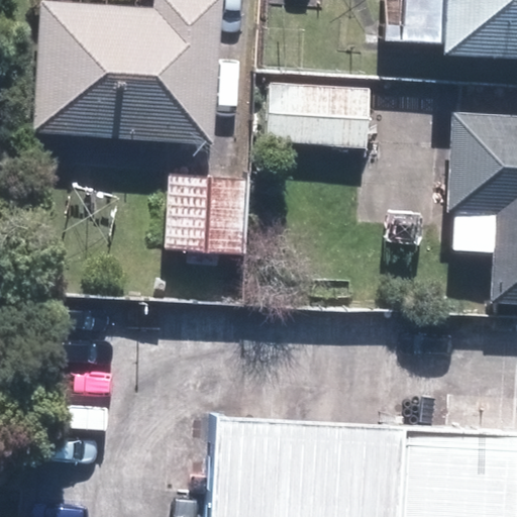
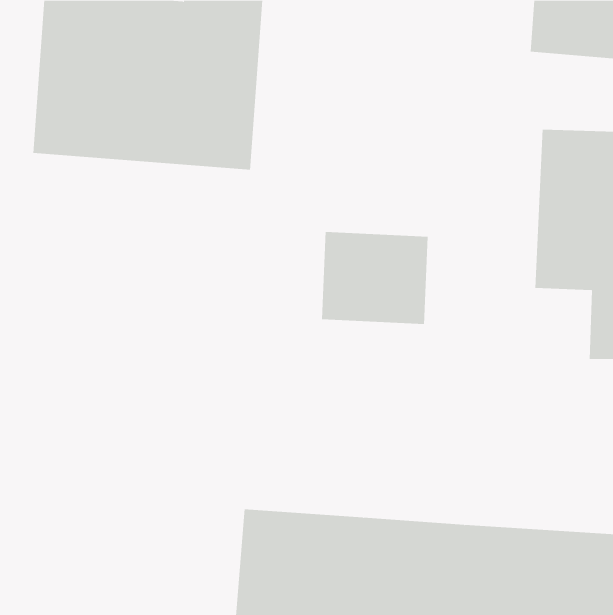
building: [266,77,374,146] -> none
building: [164,176,253,253] -> [321,232,428,324]

